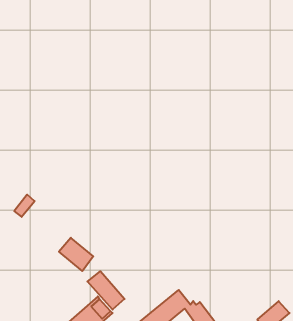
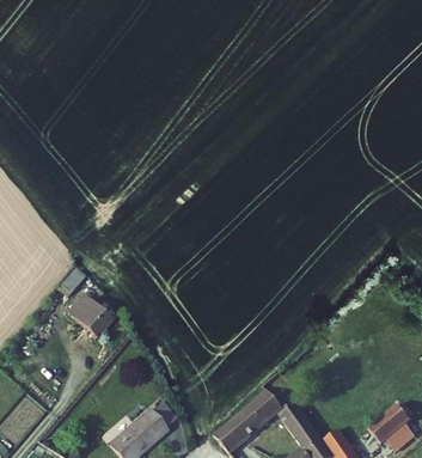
building: [59,238,93,271] -> [67,294,111,337]
building: [87,271,125,310] -> none

